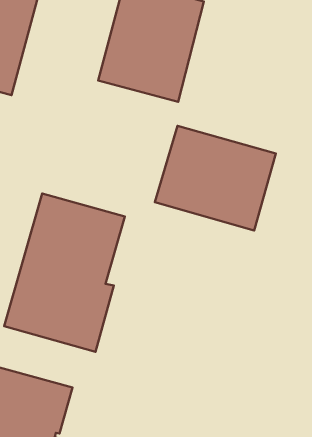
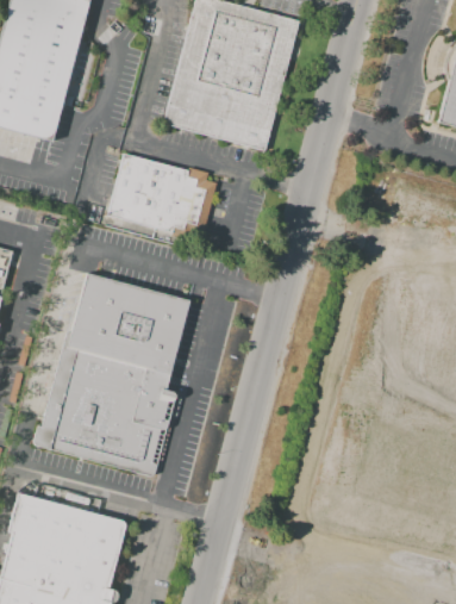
building: none -> [96,148,215,250]
building: [155,126,276,230] -> none

